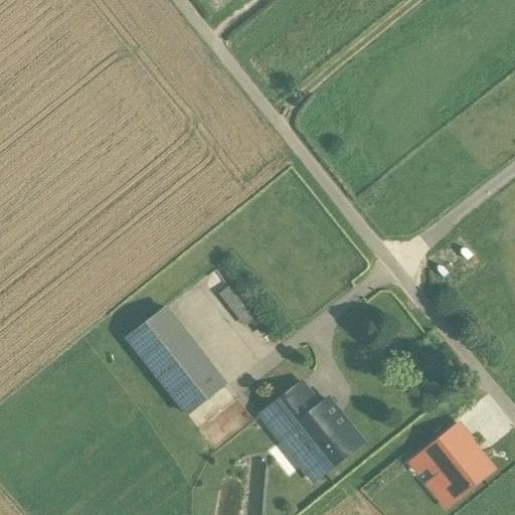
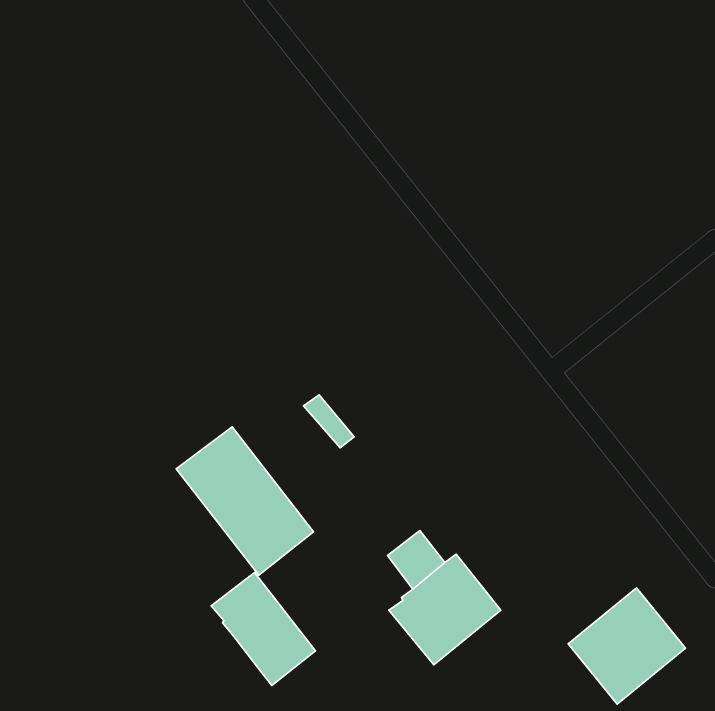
building: [261,399,297,439] -> none
building: none -> [211,573,315,685]

